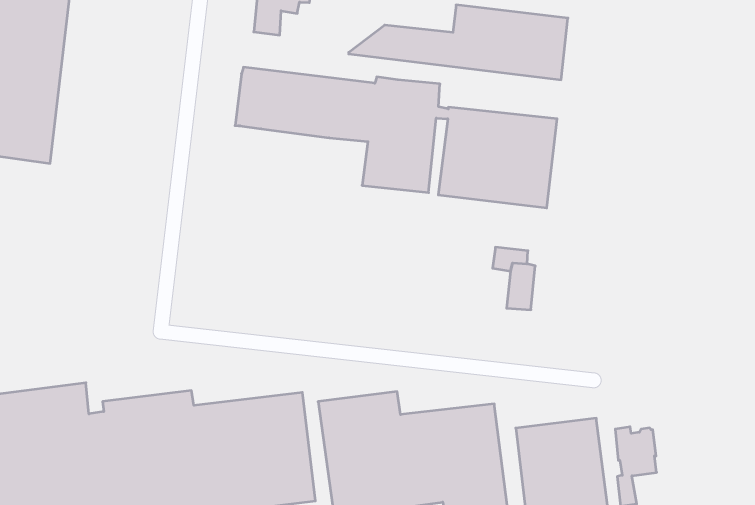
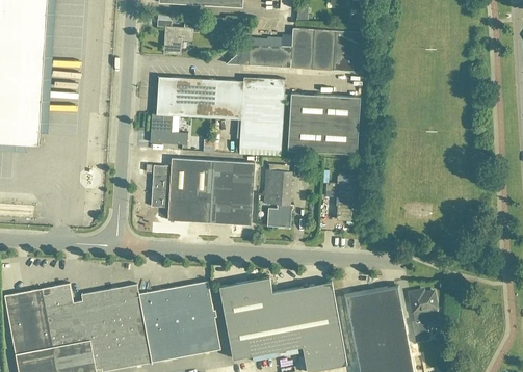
building: none -> [150,113,186,144]
building: none -> [151,157,254,224]
building: none -> [264,169,291,227]

